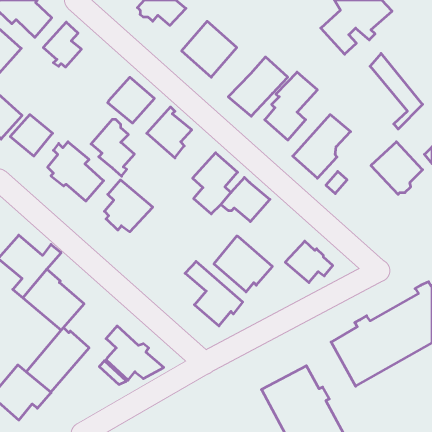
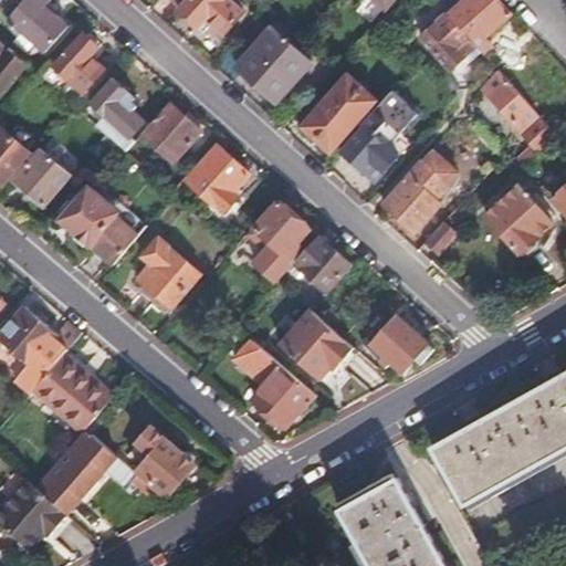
building: [91,119,134,176] -> [86,77,143,151]

